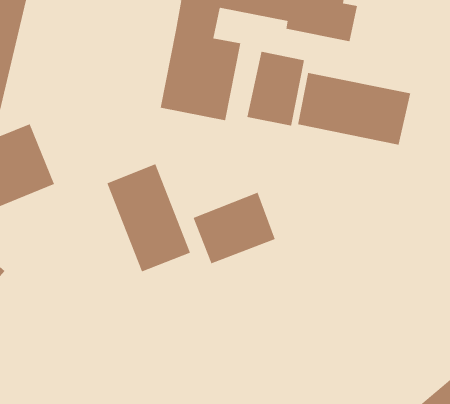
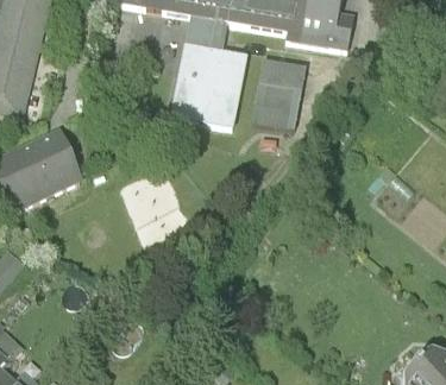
building: [297,72,411,146] -> none
building: [193,192,275,264] -> none

